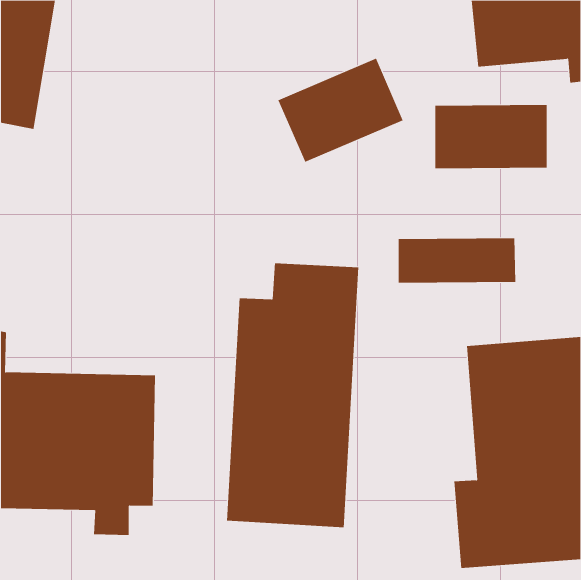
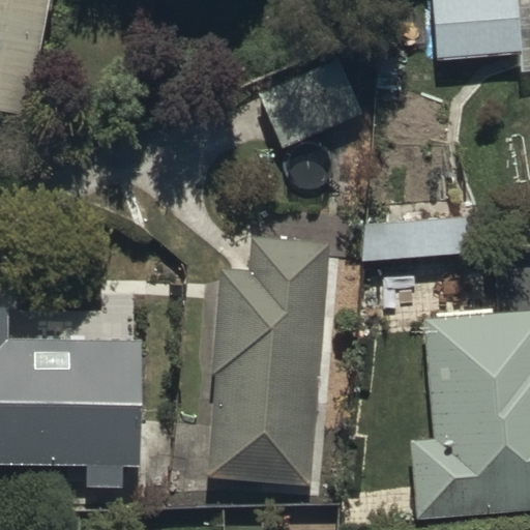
building: [435,104,547,169] -> none

